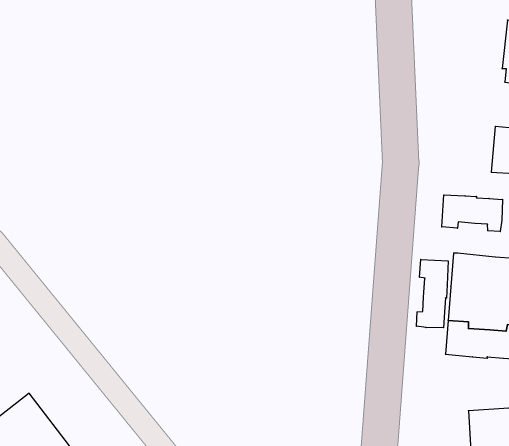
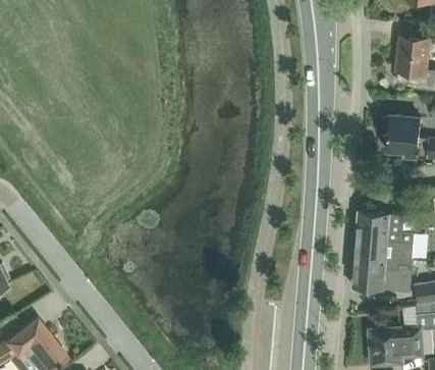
building: [442,195,503,232] -> none
building: [416,259,448,328] -> none

